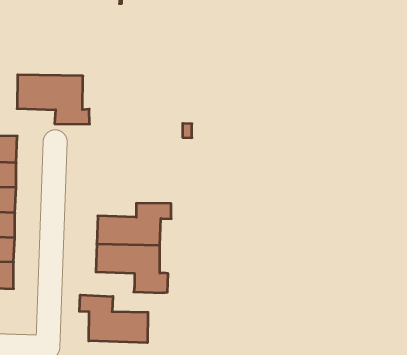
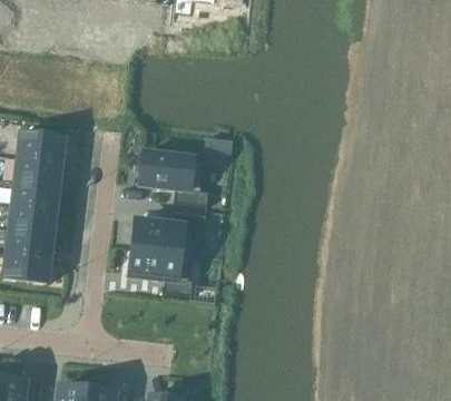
building: [17,75,90,124] -> [138,149,207,203]
building: [79,295,148,343] -> none

